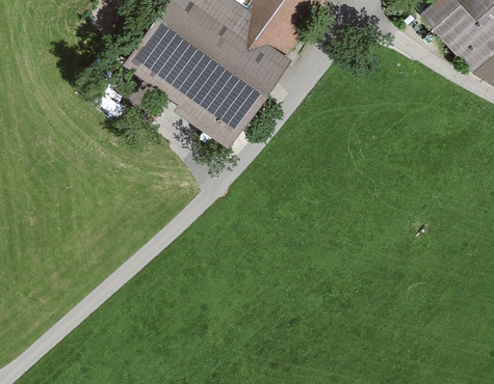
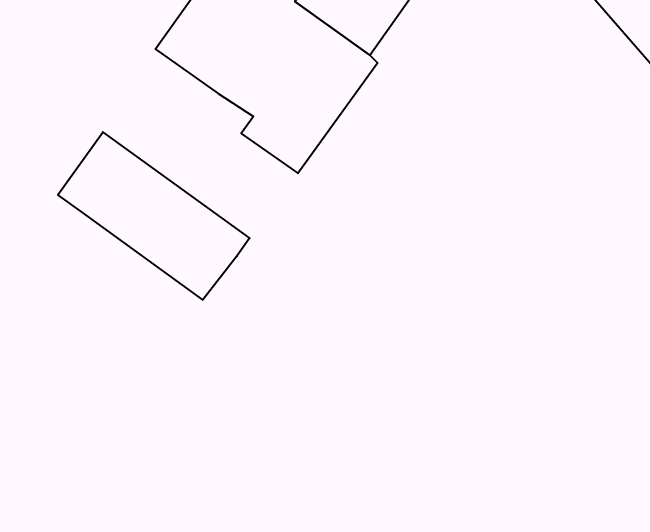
building: none -> [58,132,250,300]

